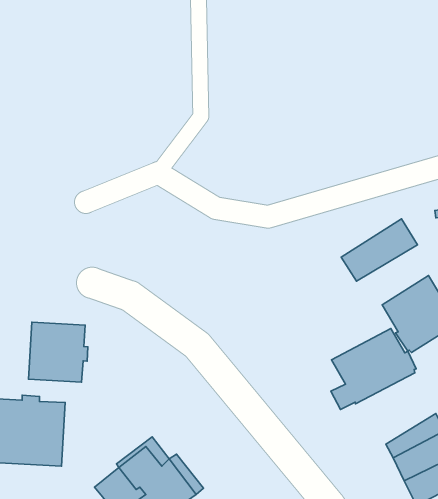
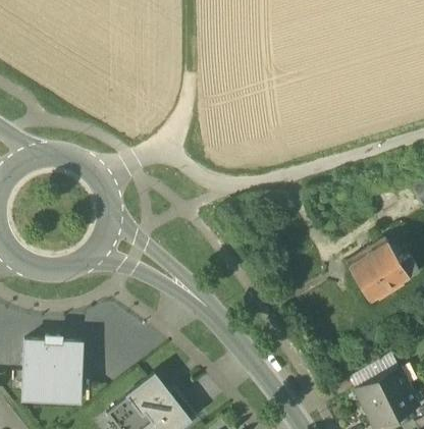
building: [341,219,418,281] -> none
building: [28,322,88,382] -> none
building: [331,329,416,410] -> none

